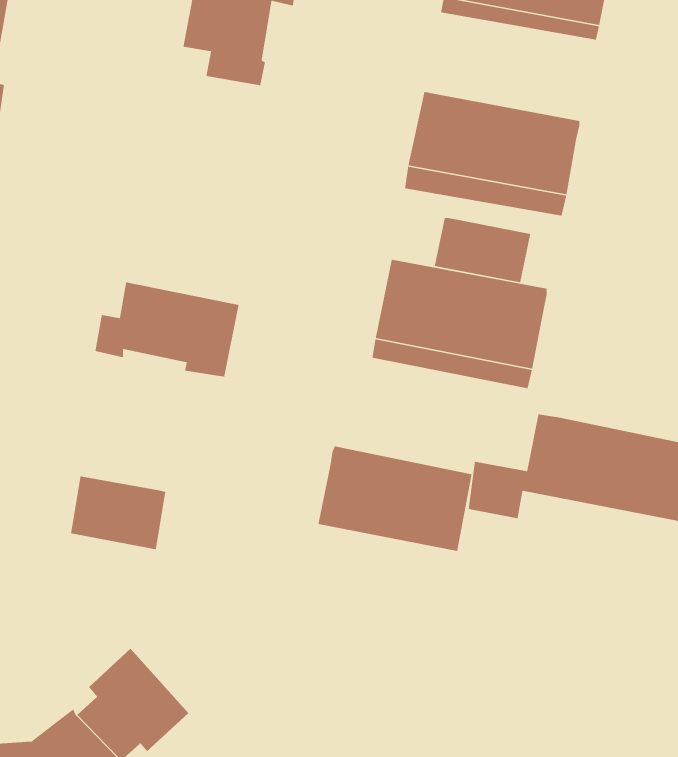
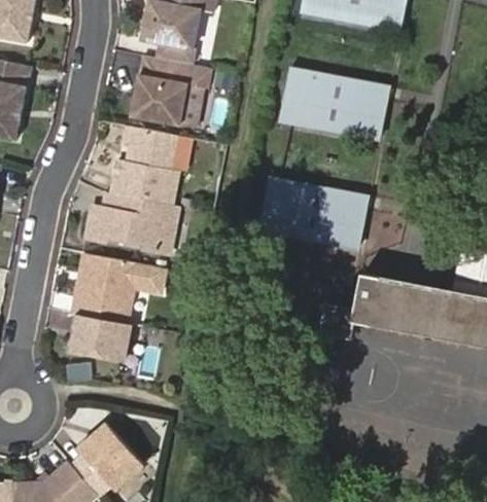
building: none -> [130,58,209,128]
building: none -> [109,127,182,205]
building: [434,217,531,283] -> none
building: none -> [72,253,165,322]
building: [318,445,473,552] -> none

